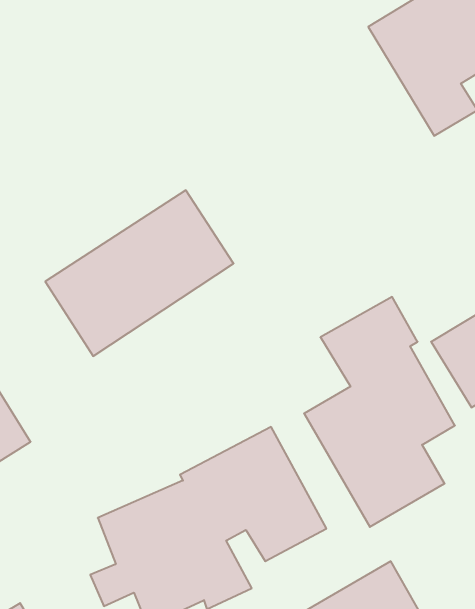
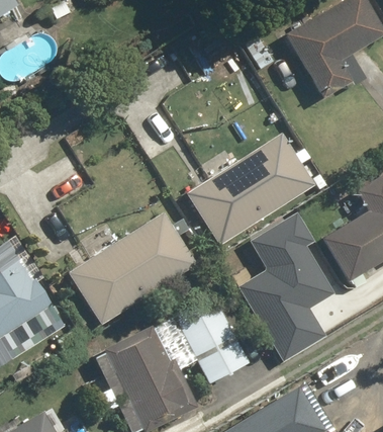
building: none -> [187,134,314,246]
building: [45,190,234,356] -> [68,213,195,326]

